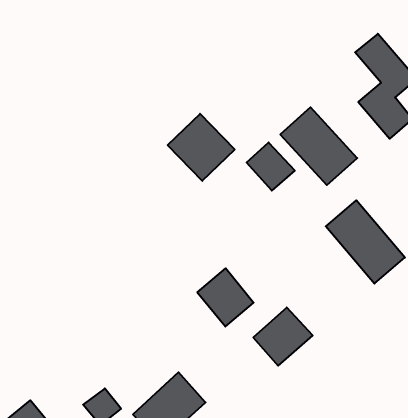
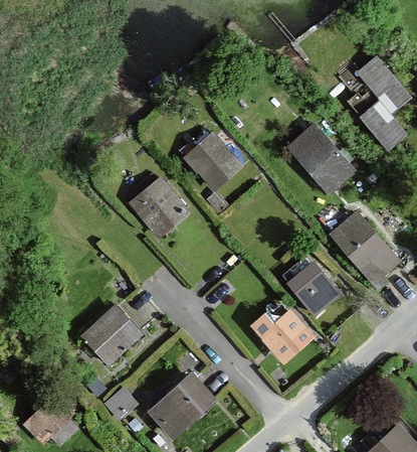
building: [247,142,295,191] -> none
building: none -> [129,177,190,239]
building: [197,268,254,327] -> [287,261,340,315]
building: none -> [81,303,144,364]

